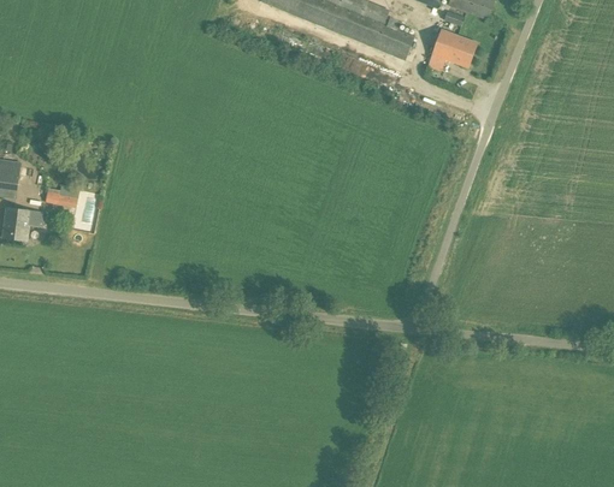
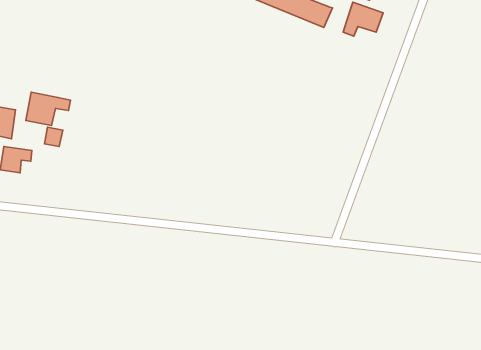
building: none -> [26,92,70,125]

